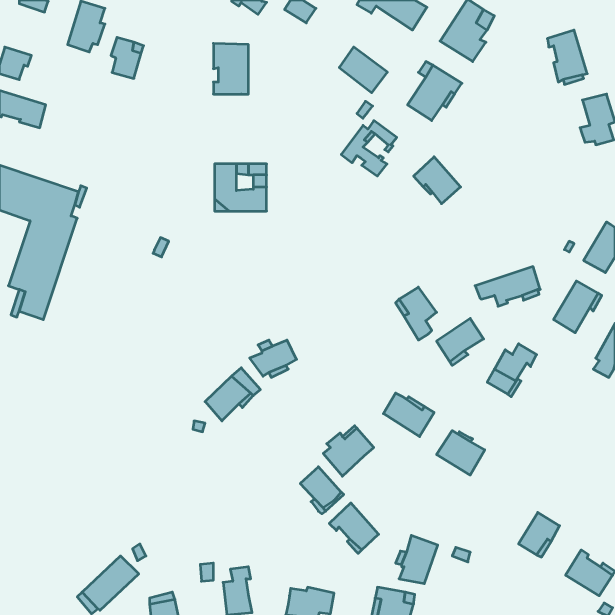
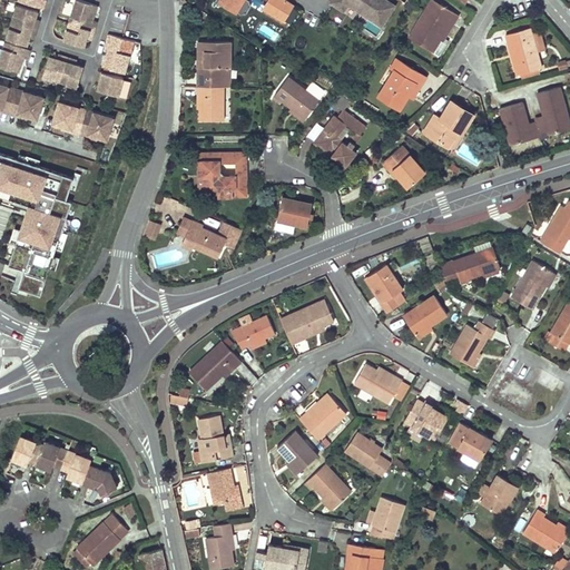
building: none -> [6,8,38,48]
building: [339,47,387,93] -> [274,77,318,119]
building: none -> [41,57,83,90]
building: none -> [95,71,130,97]
building: none -> [197,88,223,121]
building: none -> [422,101,472,151]
building: none -> [52,102,112,139]
building: none -> [501,105,541,145]
building: none -> [276,197,312,227]
building: none -> [176,216,242,256]
building: none -> [281,299,334,344]
building: none -> [198,415,232,464]
building: none -> [449,422,491,461]
building: none -> [344,432,391,478]
building: none -> [10,436,117,494]
building: none -> [207,469,242,510]

